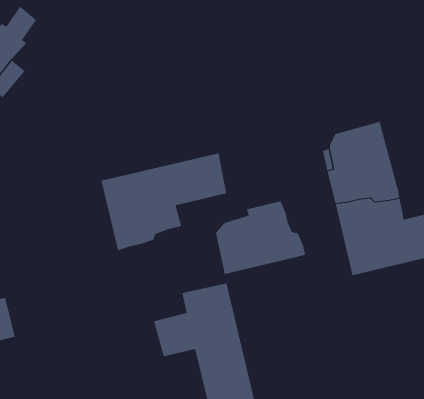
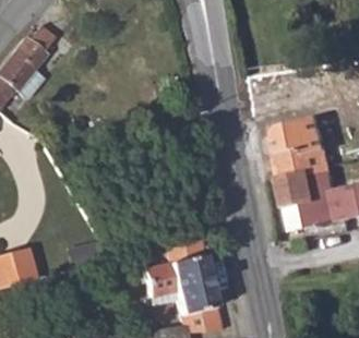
building: [101,153,227,251] -> none
building: [215,201,306,275] -> none

